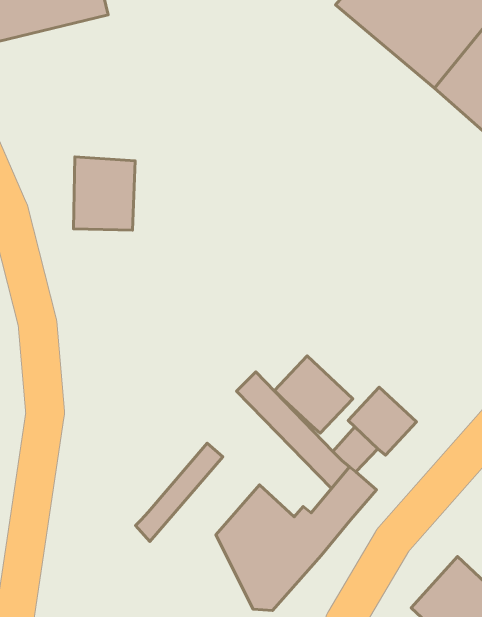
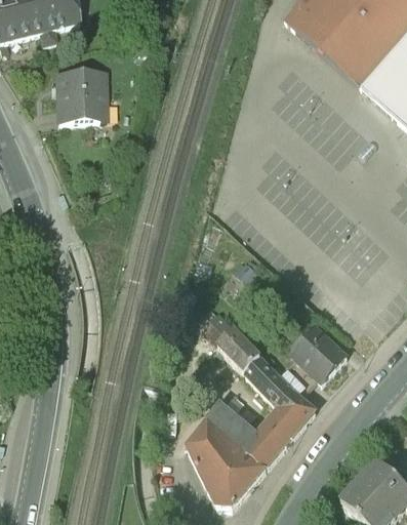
building: [73,157,135,230] -> [56,72,106,130]
building: [275,356,353,433] -> none
building: [135,443,223,541] -> none

